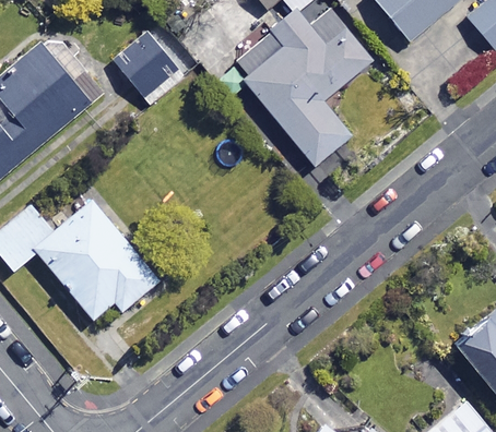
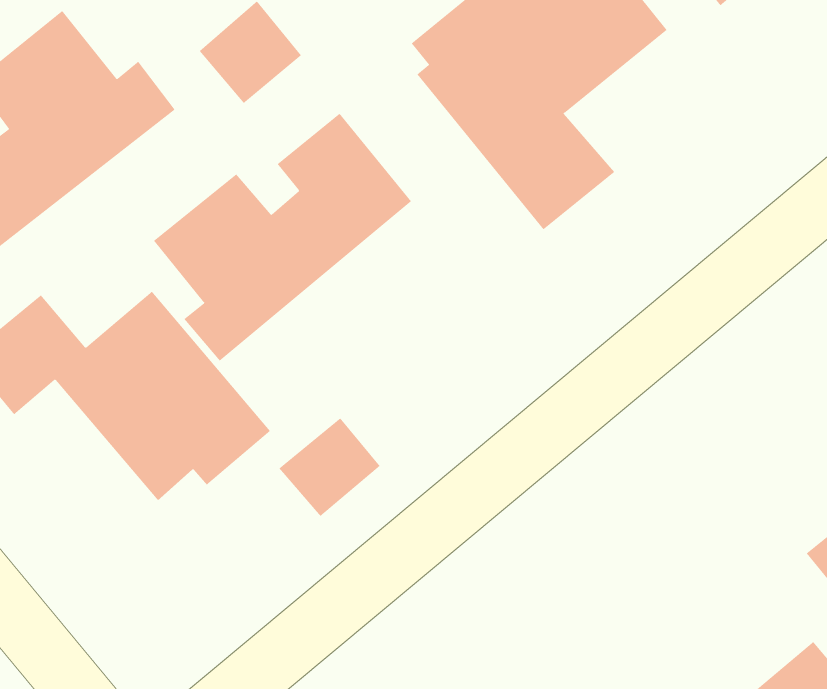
building: none -> [153,113,412,361]
building: none -> [278,417,380,517]

